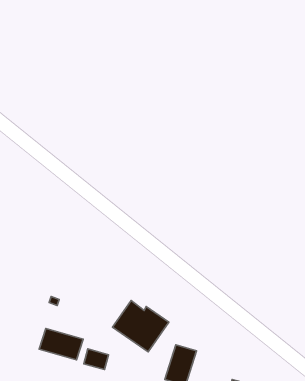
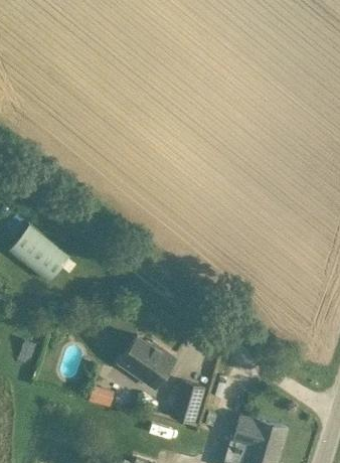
building: none -> [9,225,67,281]
building: [39,328,83,360] -> none

